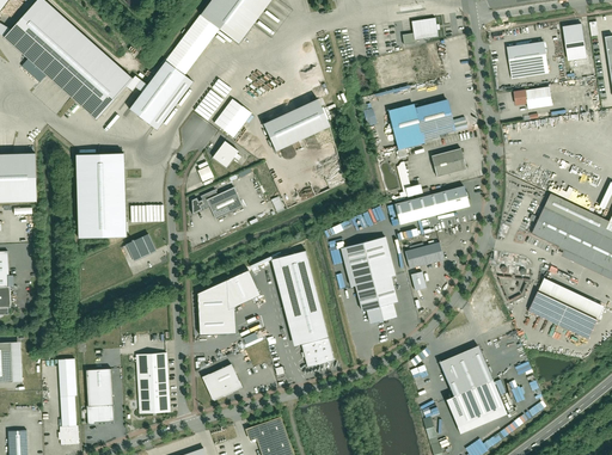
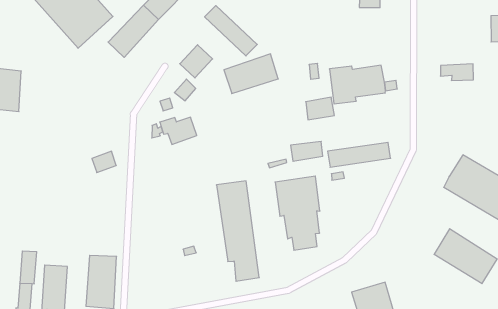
building: [508,43,547,74] -> none
building: none -> [205,6,257,56]
building: [430,146,465,174] -> [306,97,334,120]
building: [75,155,124,238] -> none
building: [404,240,442,266] -> [291,141,323,161]
building: [197,271,259,336] -> none
building: [202,362,239,398] -> none

